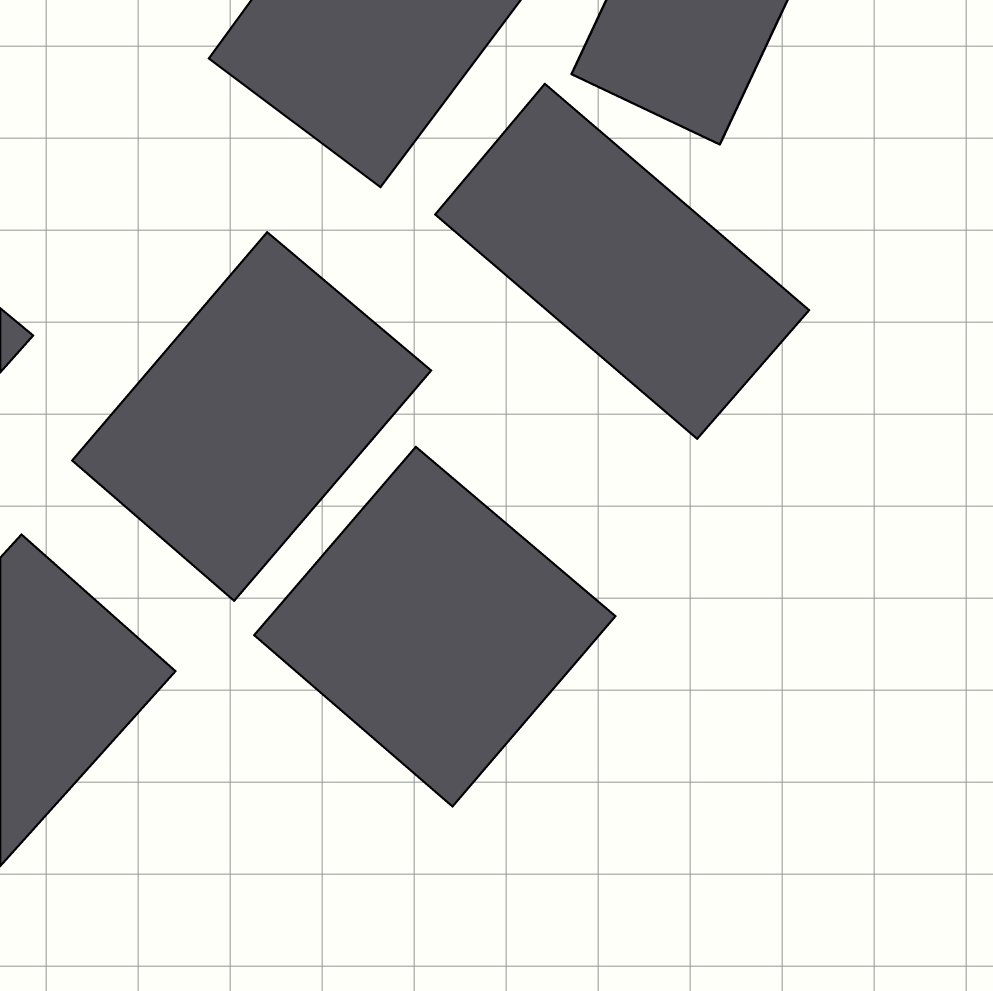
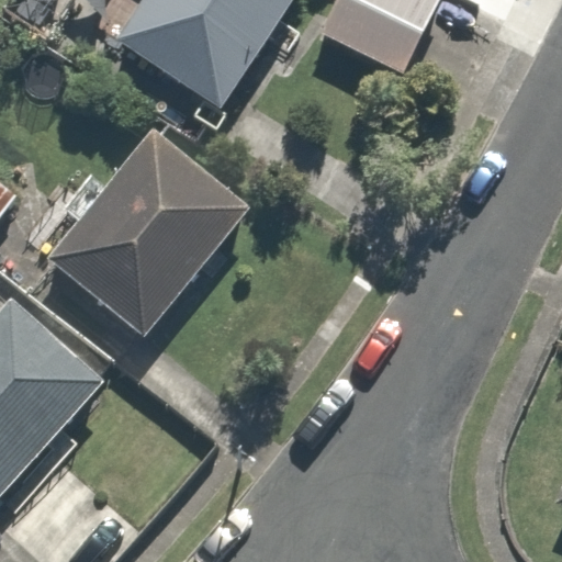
building: [435,84,809,439] -> none
building: [254,447,616,806] -> none

